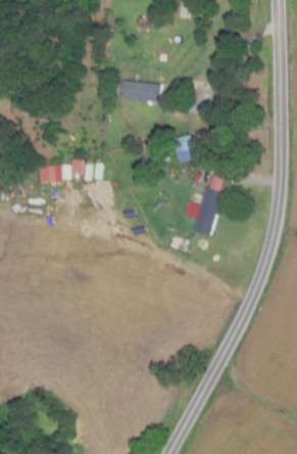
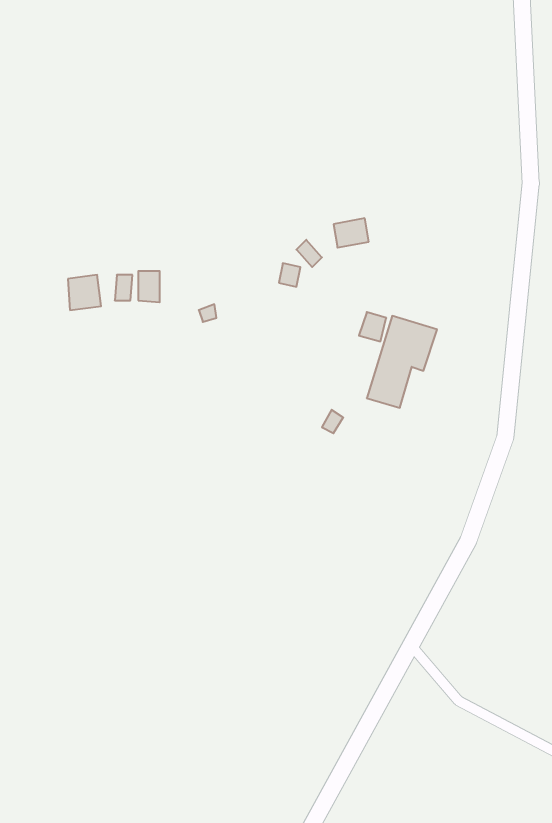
building: [120,80,161,104] -> none

